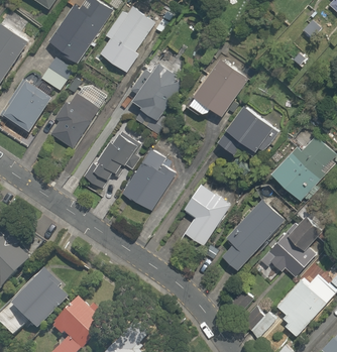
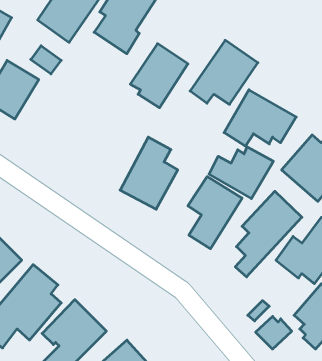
building: [49,78,110,147] -> none
building: [86,131,138,190] -> none
building: none -> [209,147,273,199]

